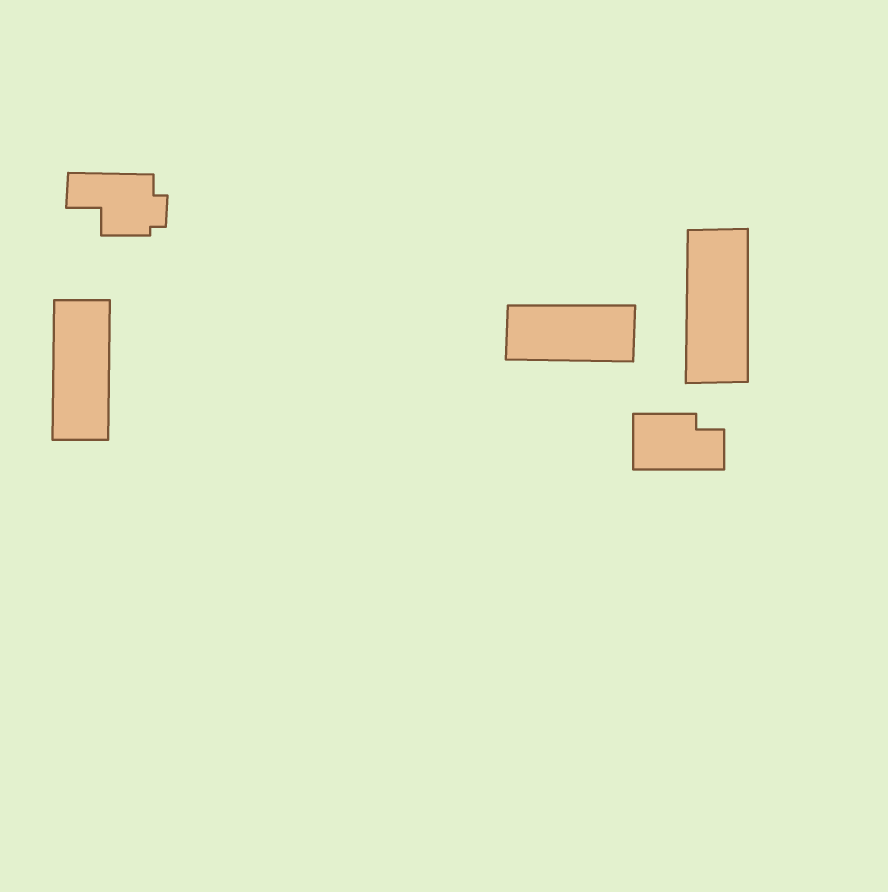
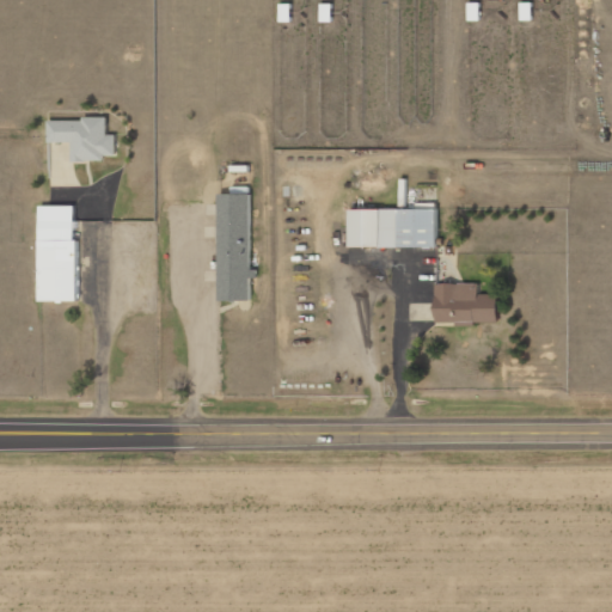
building: [686,229,748,383] -> none
building: none -> [216,194,250,301]

